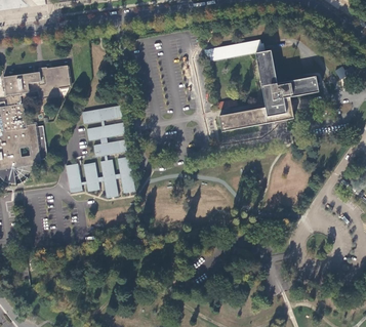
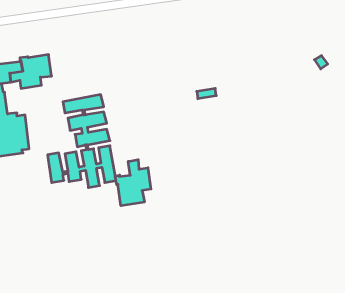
building: [204,39,318,131] -> none
building: none -> [115,160,151,206]

